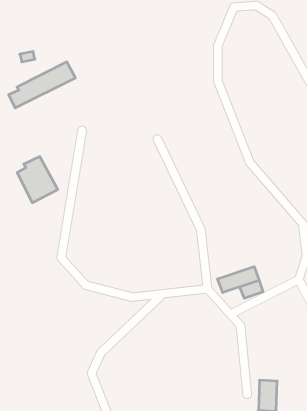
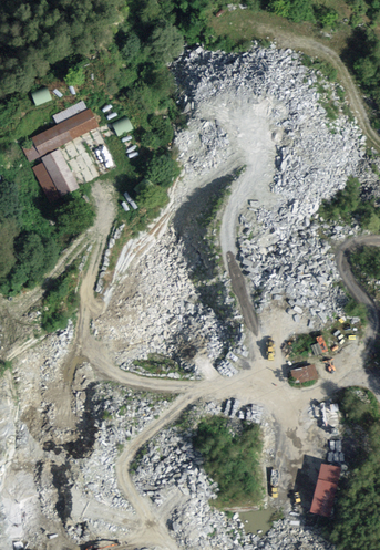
building: [17,157,58,203] -> [32,147,80,201]
building: [218,267,259,293] -> none

